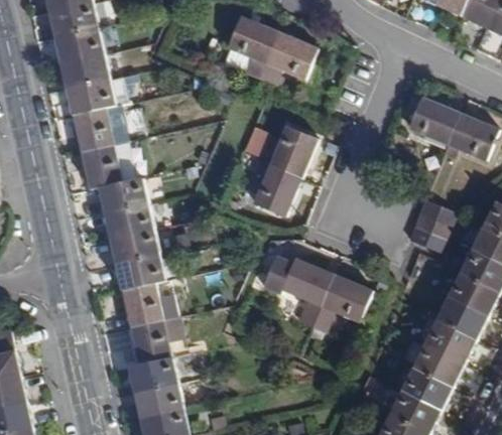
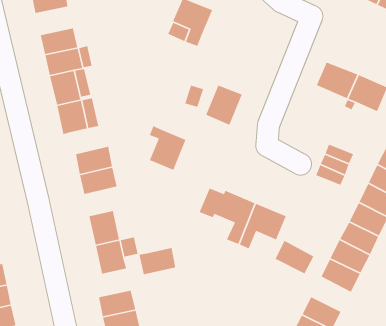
building: [54,28,103,63] -> none
building: [259,32,318,87] -> none
building: [252,159,299,216] -> [149,125,187,171]
building: [99,176,147,212] -> none
building: [116,254,163,290] -> none
building: [128,356,175,392] -> [138,247,176,275]
building: [401,367,452,410] -> [274,240,315,275]

